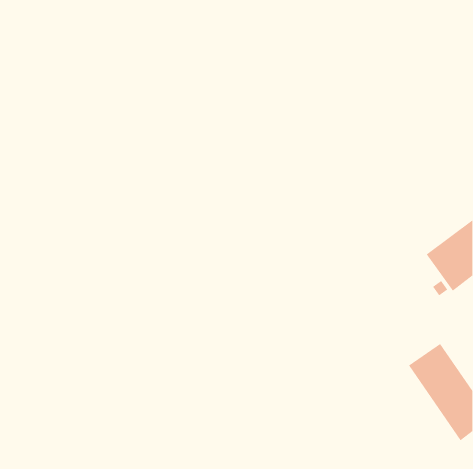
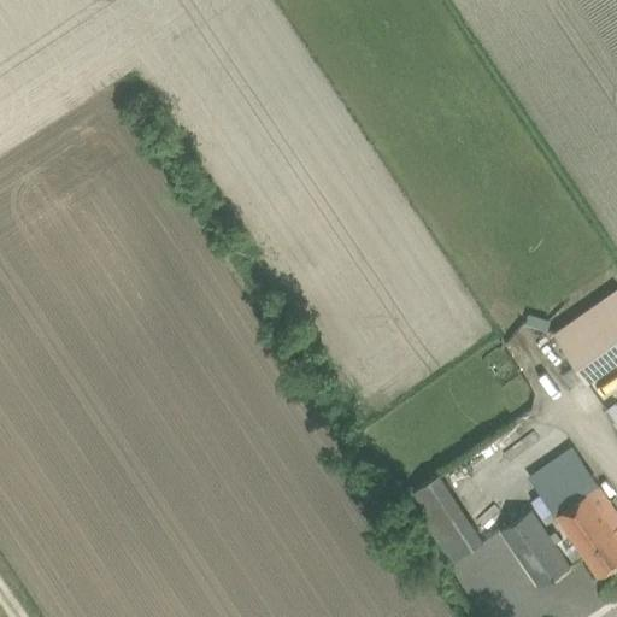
building: none -> [409,476,484,565]
building: none -> [503,512,571,590]

